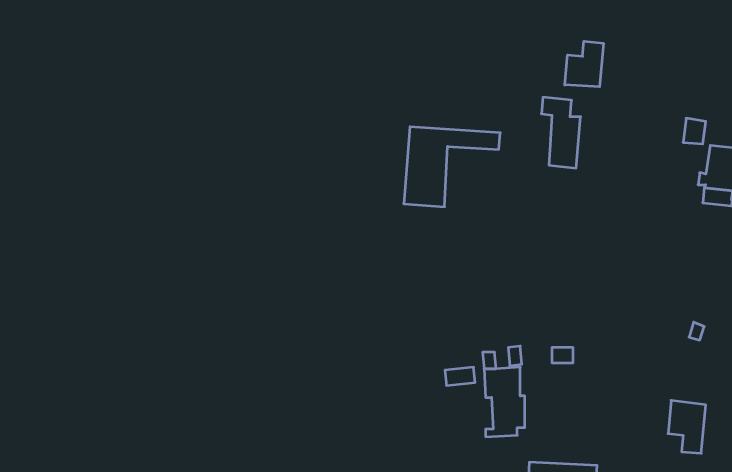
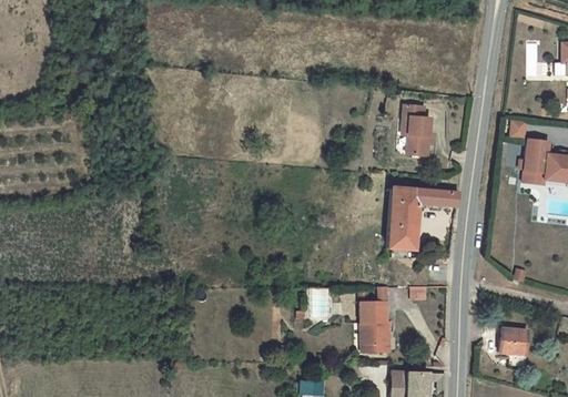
building: [565,41,603,87] -> none
building: [404,127,500,207] -> [387,189,458,247]

